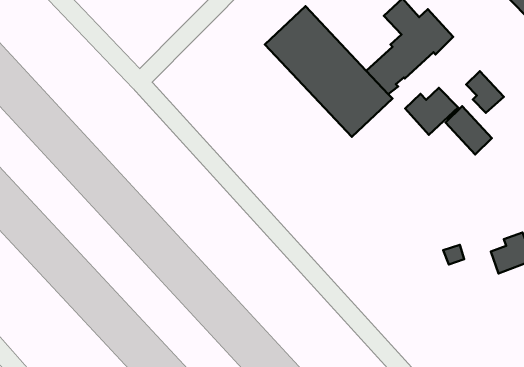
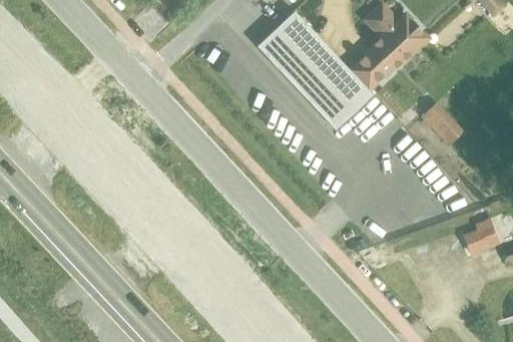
building: [466,71,504,113] -> none
building: [405,88,458,135] -> none

